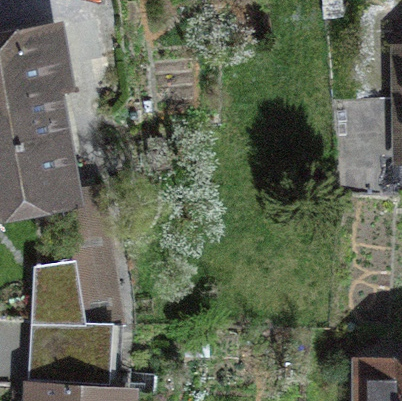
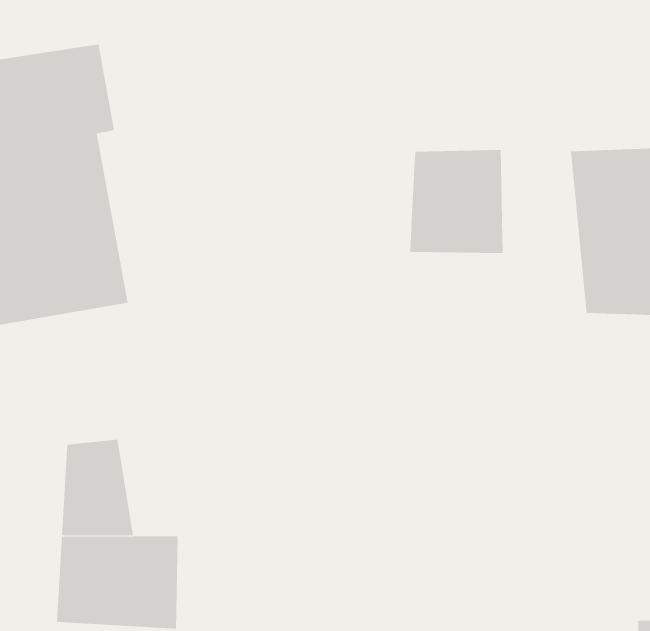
building: none -> [410,149,503,254]

